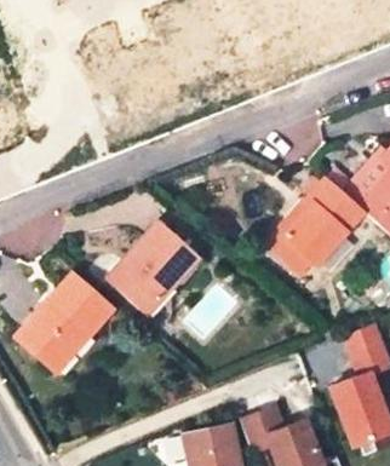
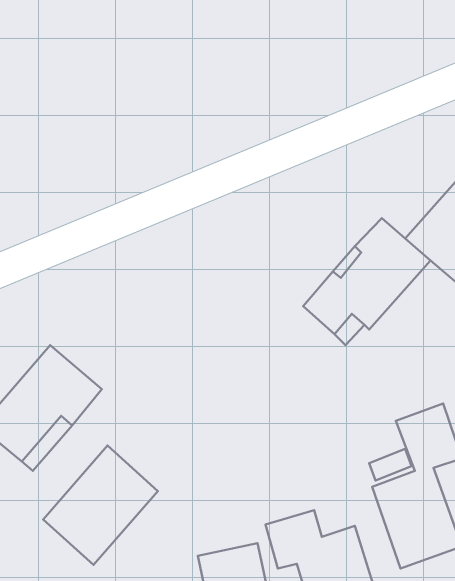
building: [109,223,197,315] -> [43,446,158,565]

